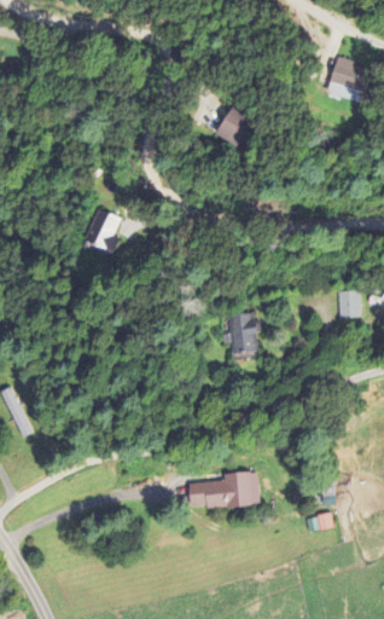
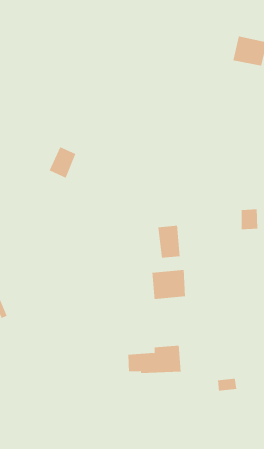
building: [215,106,257,149] -> none
building: none -> [152,269,185,300]

